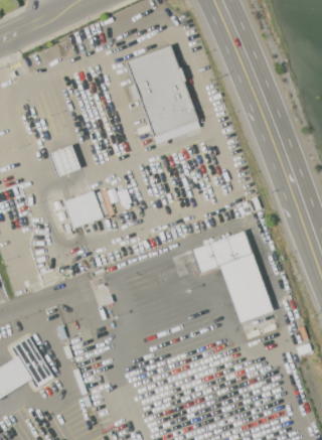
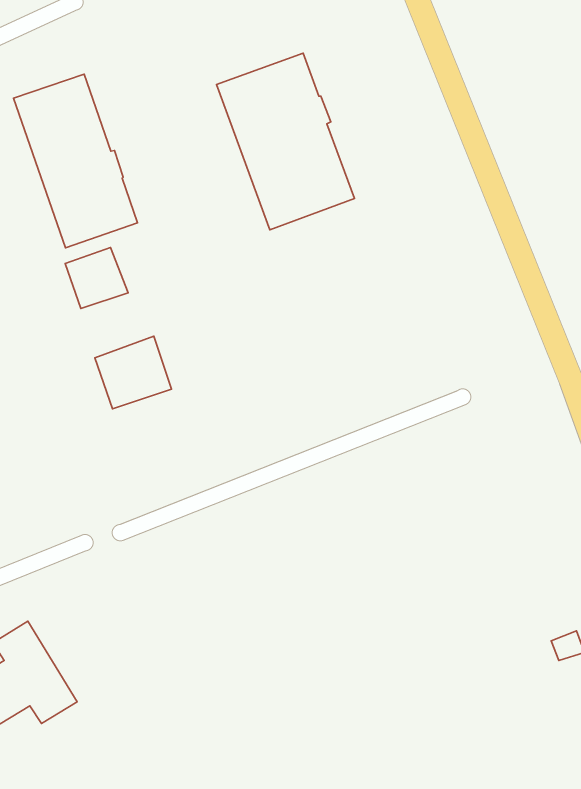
building: none -> [14,74,138,248]
building: [192,231,274,322] -> none

